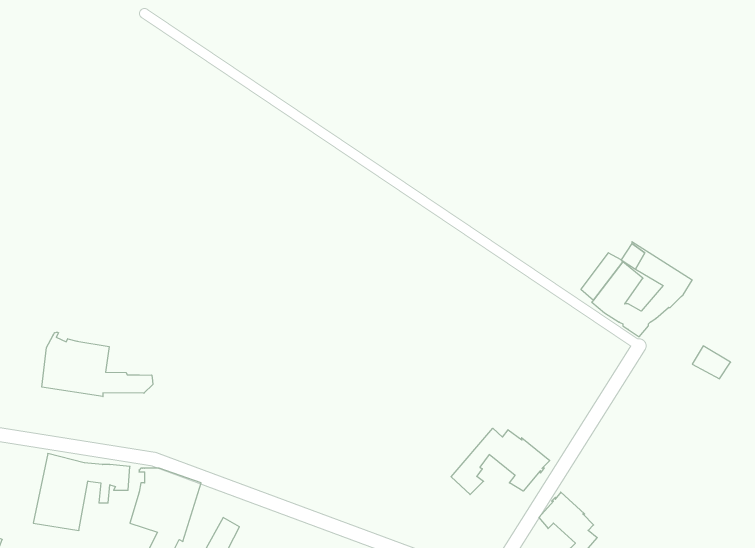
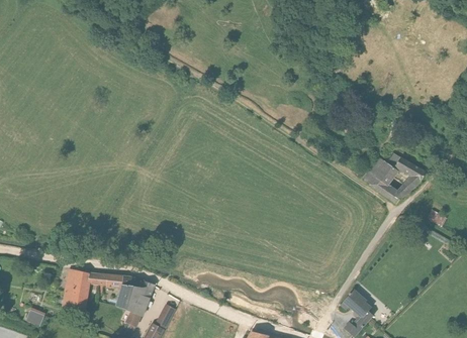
building: [42,332,153,397] -> none
building: [451,428,550,495] -> none

